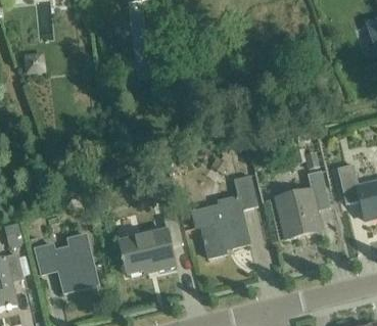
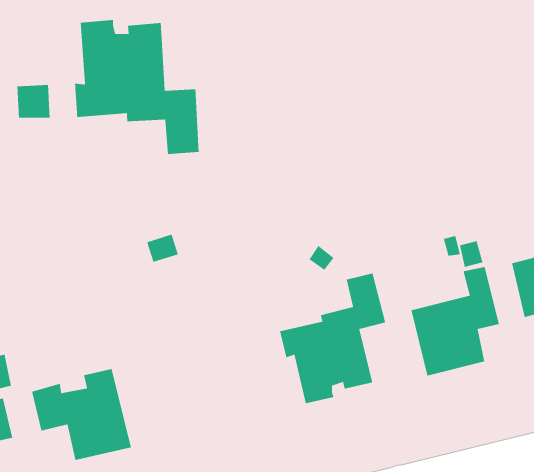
building: none -> [74,19,199,155]
building: [117,215,182,273] -> none

